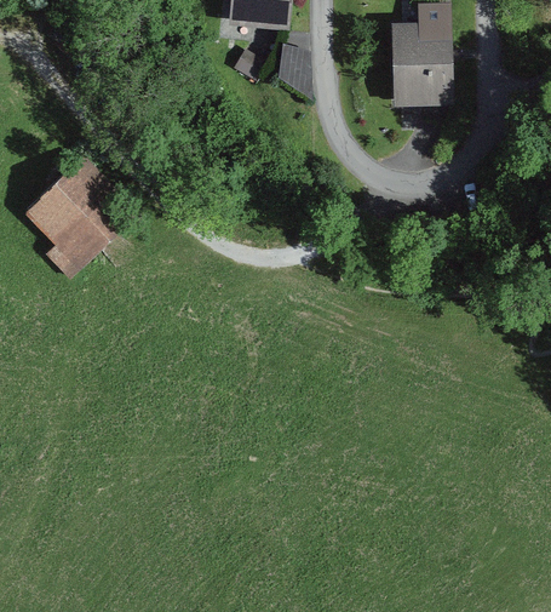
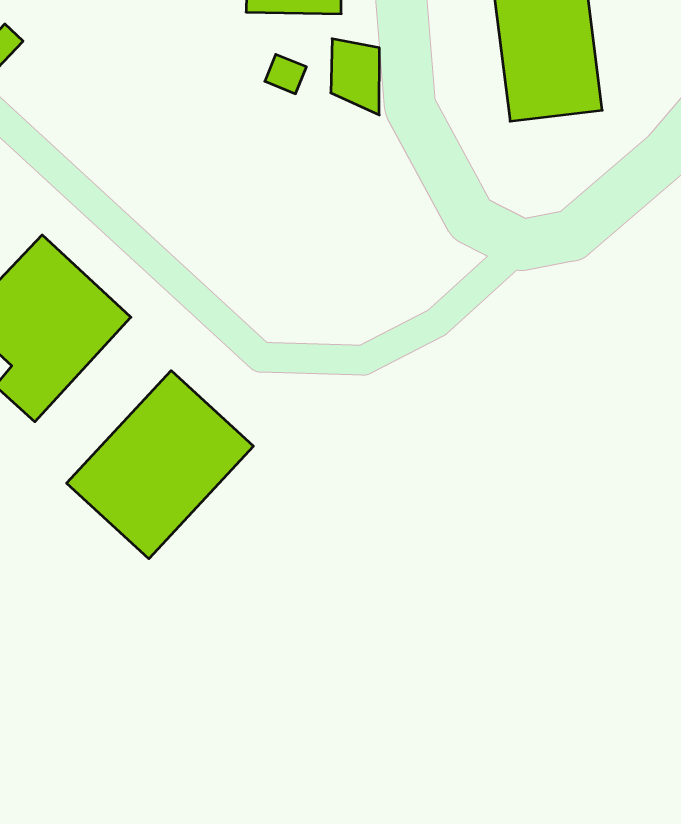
building: none -> [67,371,253,559]

